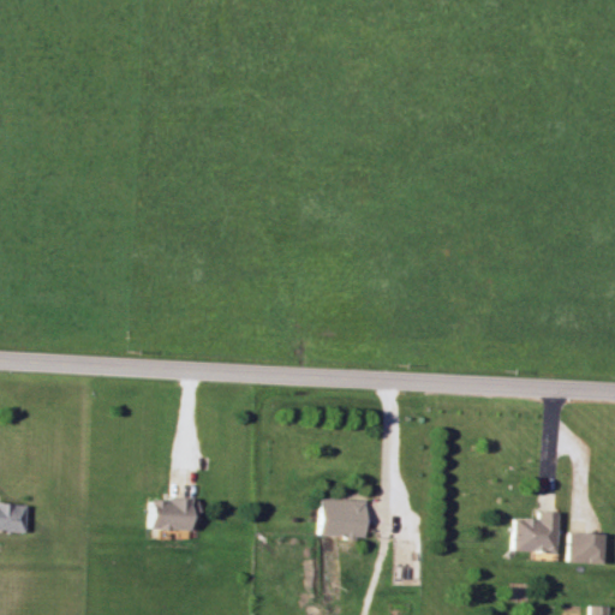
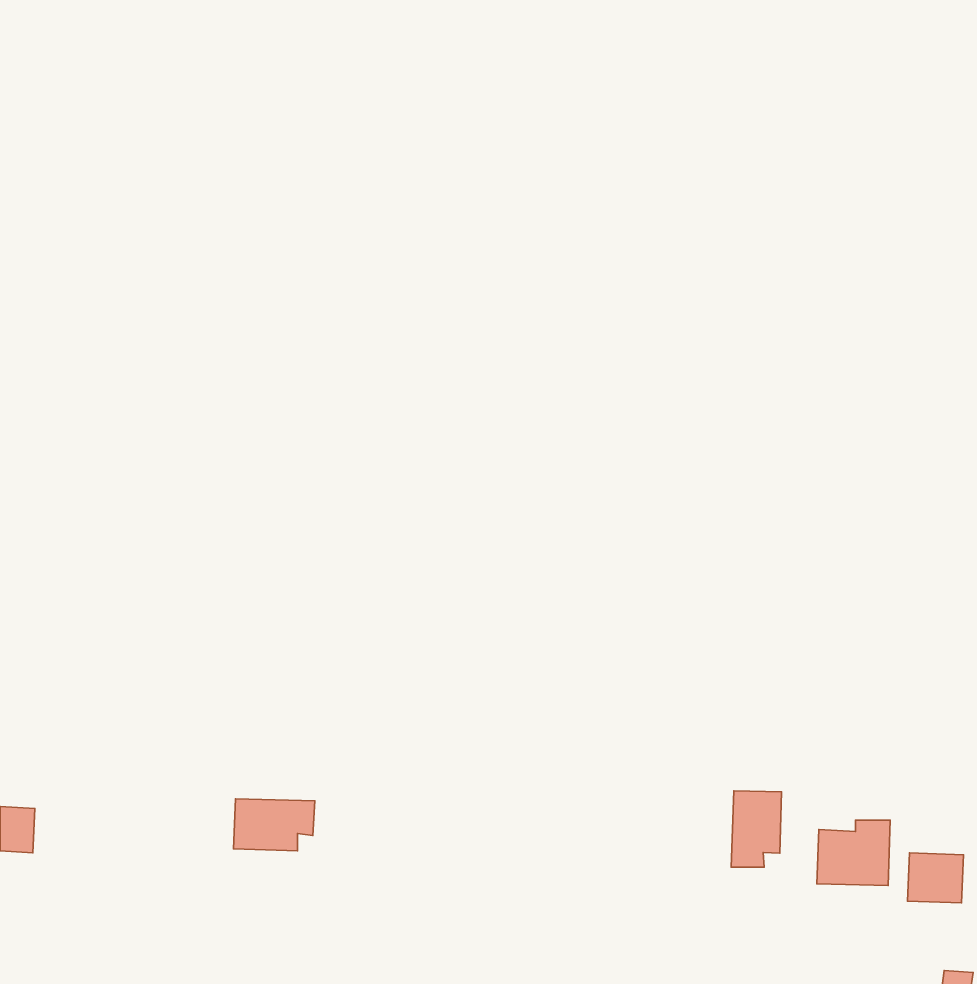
building: none -> [731,791,781,867]
building: [321,498,366,537] -> none

